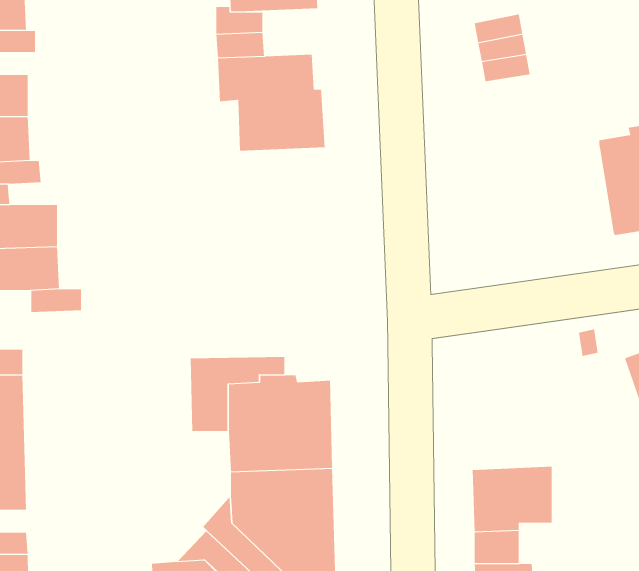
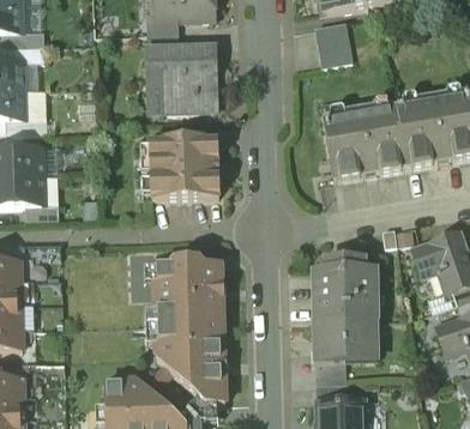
building: none -> [323,105,405,179]
building: none -> [150,138,217,192]
building: none -> [312,255,378,320]

